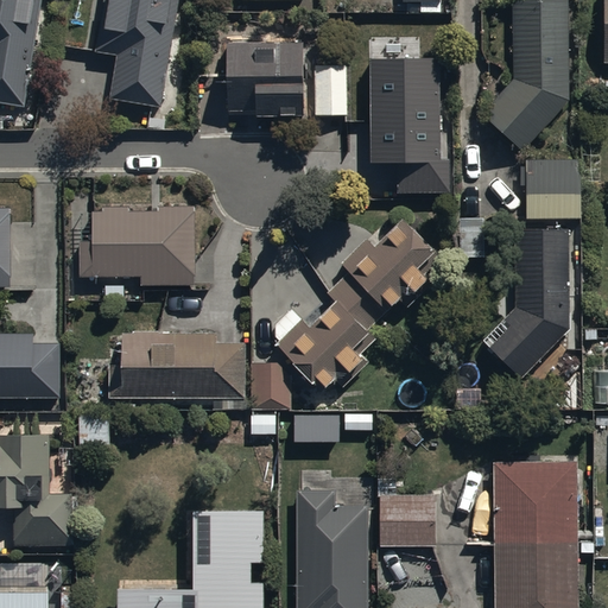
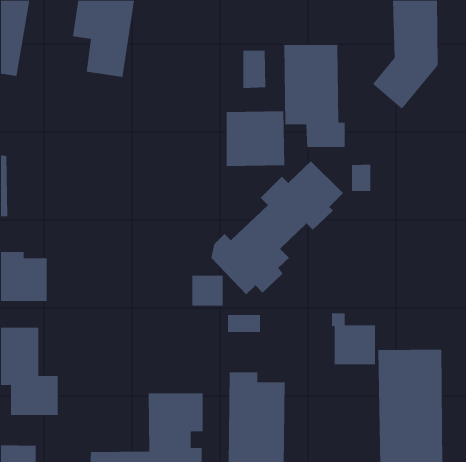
building: [227,48,304,120] -> [226,111,285,167]
building: [482,157,581,376] -> none
building: [80,204,197,287] -> none
building: [107,331,243,395] -> none
building: [378,479,436,546] -> [331,313,376,365]

